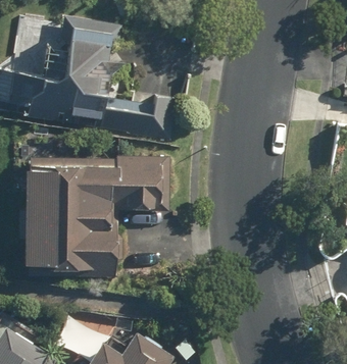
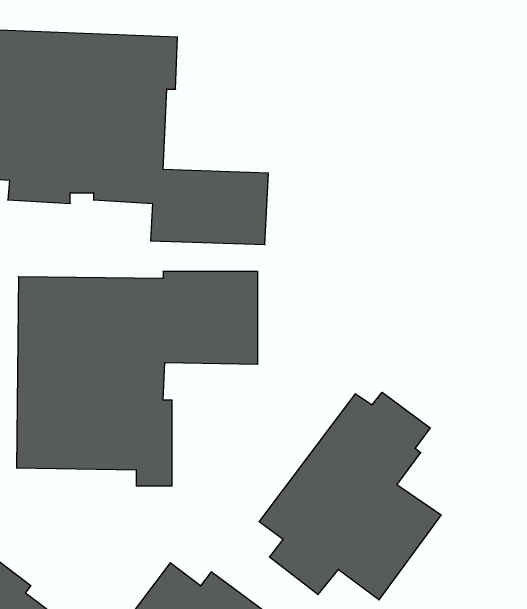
building: none -> [259,392,441,600]

